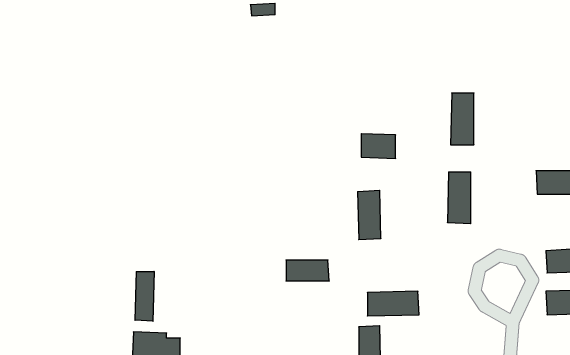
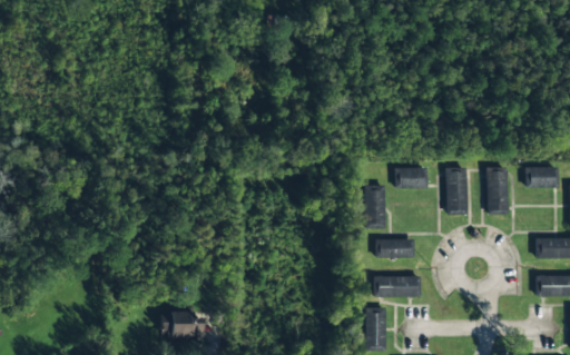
building: [451,93,474,145] -> [487,168,508,215]
building: [361,134,396,158] -> [395,167,426,189]
building: [286,260,329,281] -> [374,239,413,258]
building: [135,271,154,321] -> none

